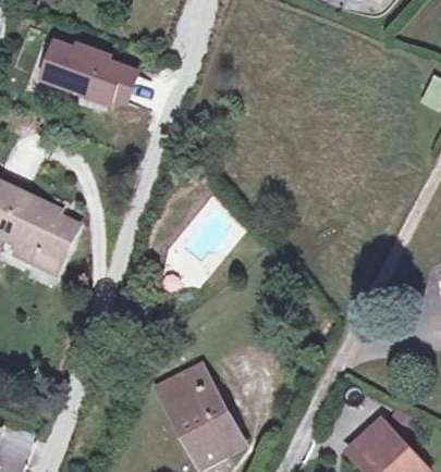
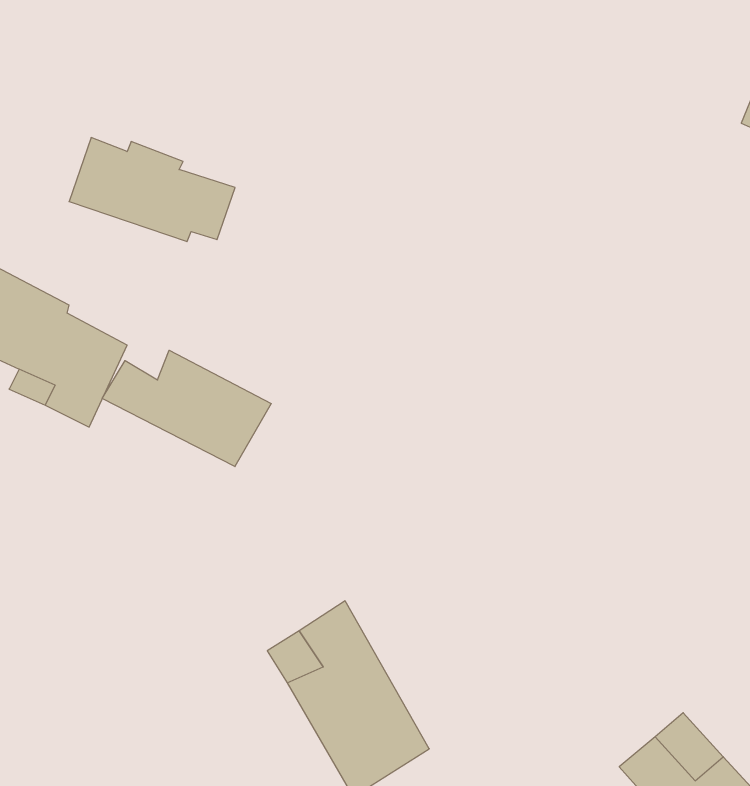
building: [47,46,137,102] -> [69,138,235,242]
building: none -> [102,350,271,467]

